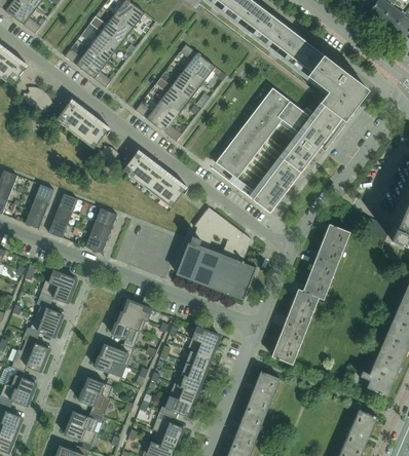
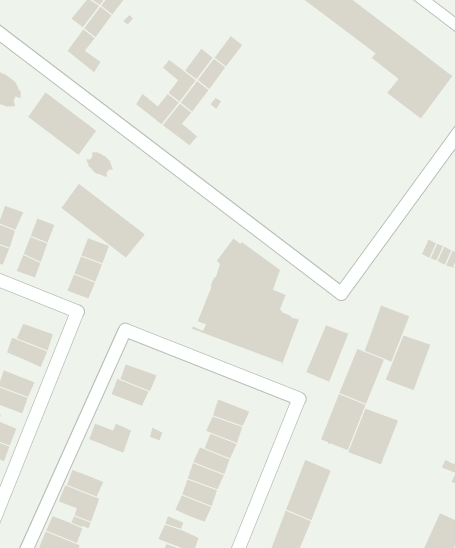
building: [180,44,206,76] -> none
building: [65,47,98,71] -> none
building: [216,87,341,213] -> none
building: [123,151,186,206] -> [60,183,146,258]
building: [315,224,349,265] -> [385,335,431,391]
building: none -> [306,324,349,382]
building: [112,321,140,348] -> none
building: none -> [348,408,399,465]
building: [96,354,127,382] -> none

